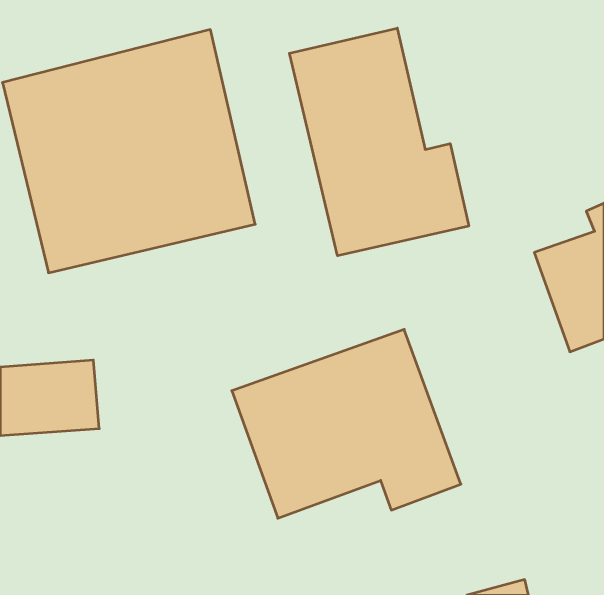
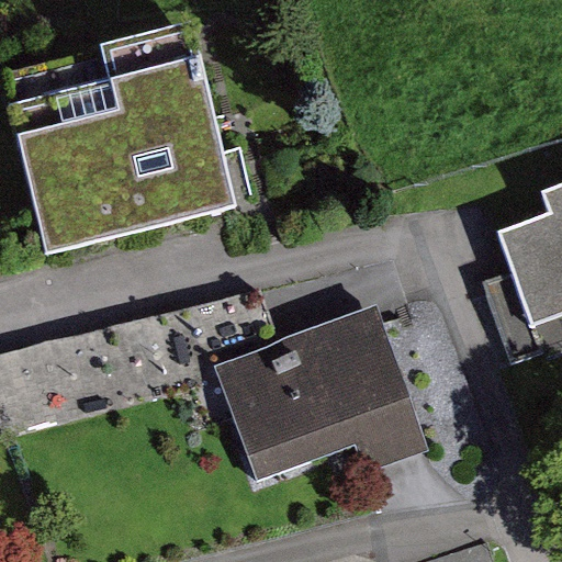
building: [289,28,469,256] -> none

